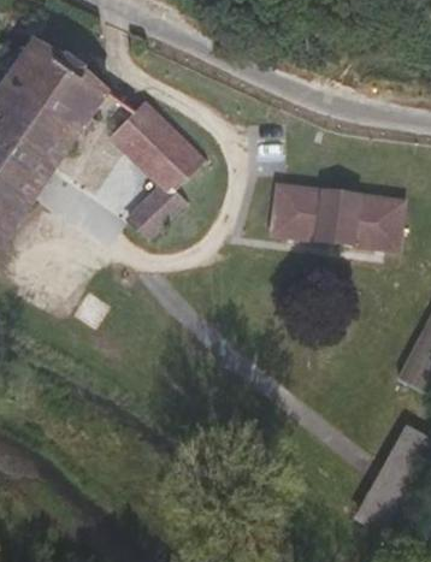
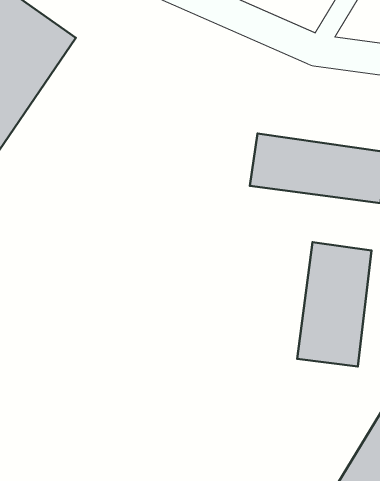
building: [112,96,205,233] -> none
building: none -> [297,242,372,366]

